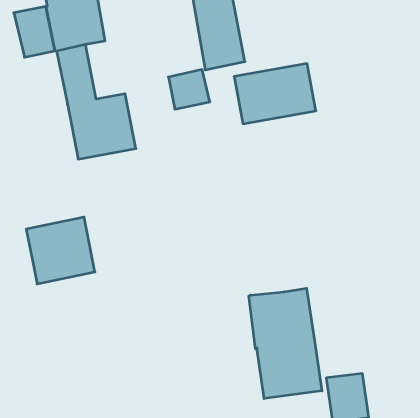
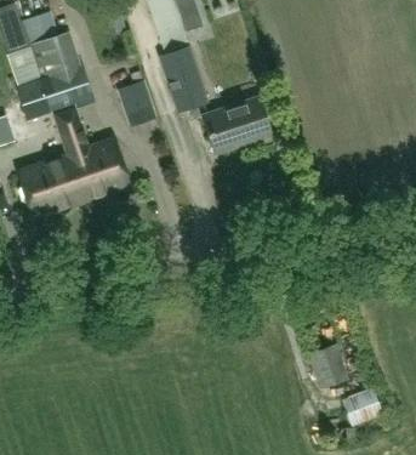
building: [168,70,210,109] -> [115,79,152,114]
building: [26,217,95,284] -> [21,155,81,215]
building: [249,288,322,399] -> none

